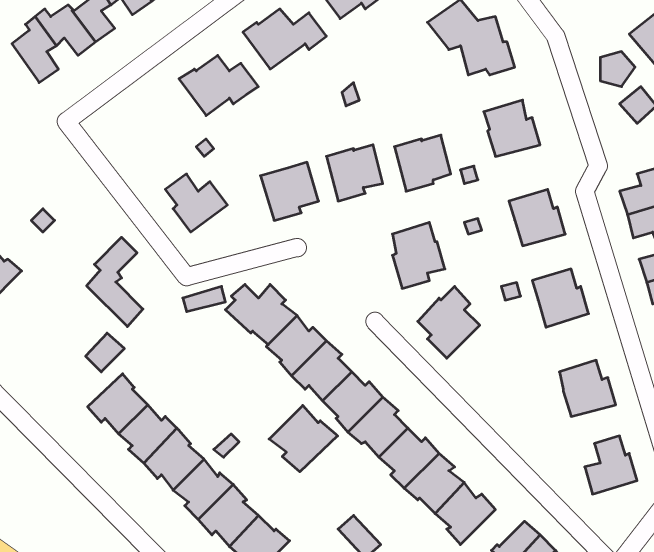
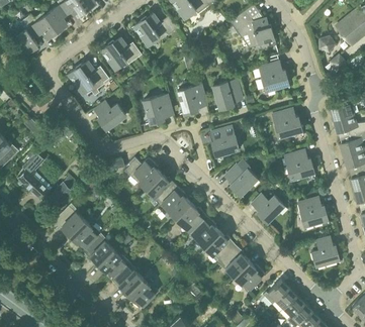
building: none -> [68,62,106,93]
building: [87,237,143,327] -> [18,152,48,199]
building: none -> [251,194,284,222]
building: [269,405,338,472] -> none

